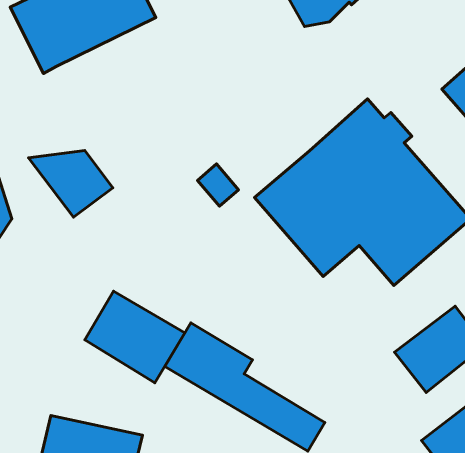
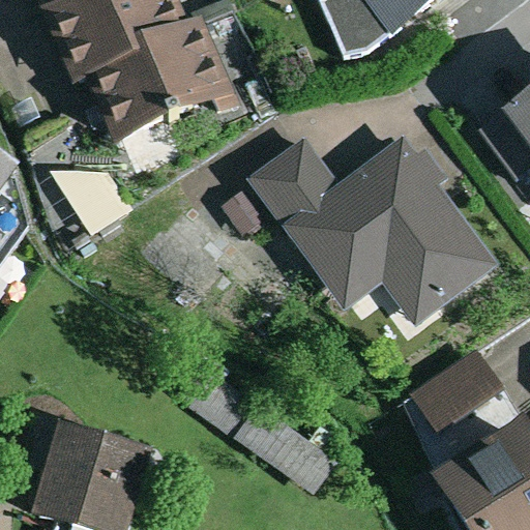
building: none -> [87,26,237,144]
building: none -> [246,136,340,226]
building: [85,291,185,383] -> none

